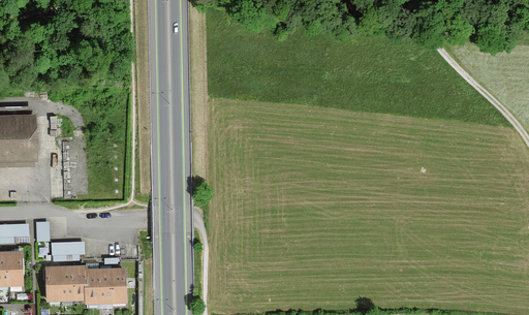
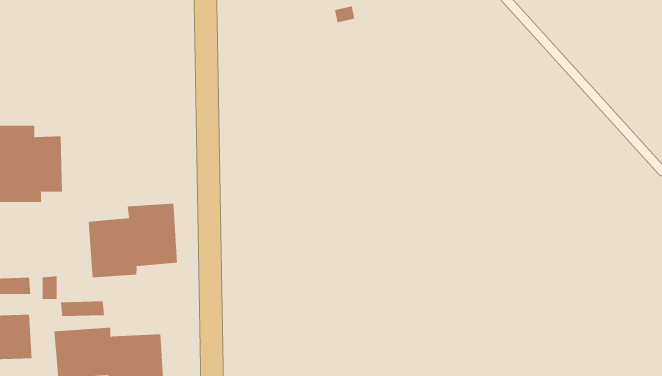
building: none -> [88,203,177,278]

